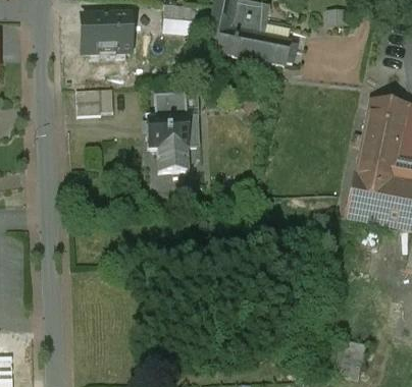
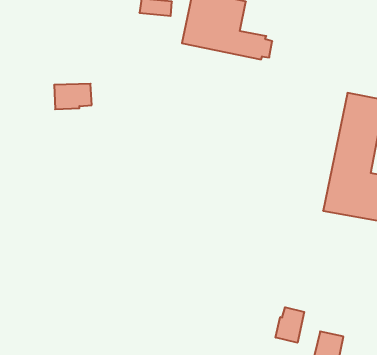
building: [83,14,151,53] -> none
building: [147,94,200,172] -> none
building: none -> [276,307,304,343]

